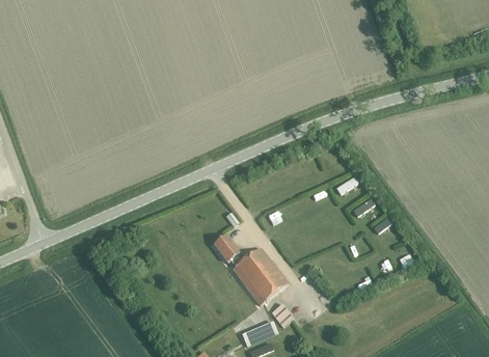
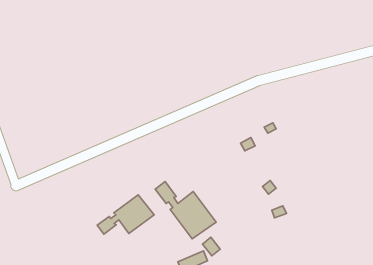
building: none -> [97,195,154,234]

